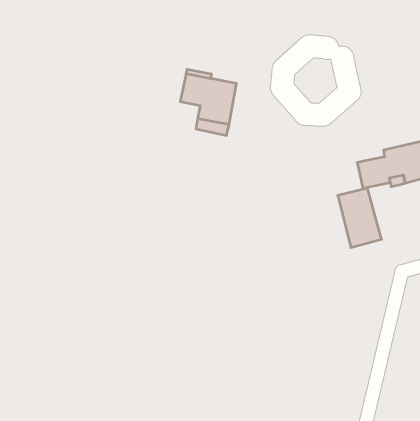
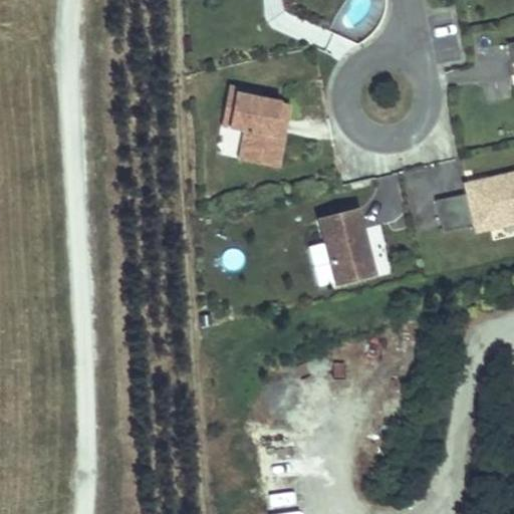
building: [338,188,382,248] -> [321,210,374,282]

